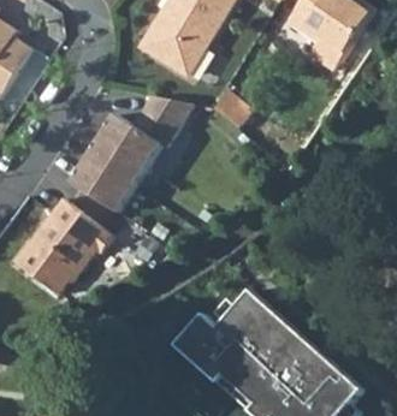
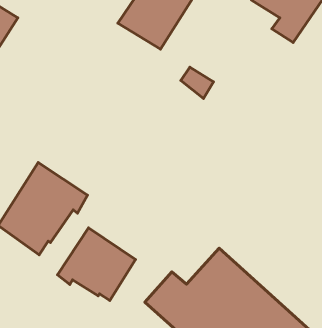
building: [69,100,189,210] -> none
building: none -> [58,228,135,301]

